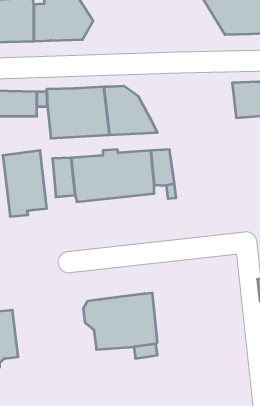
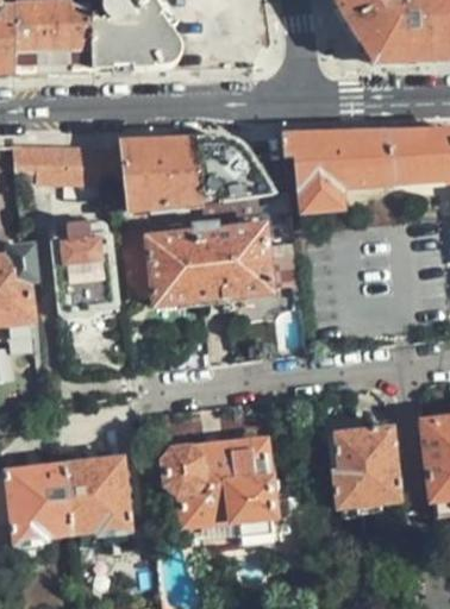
building: none -> [281,131,389,209]
building: none -> [330,426,400,506]
building: none -> [62,457,132,539]

